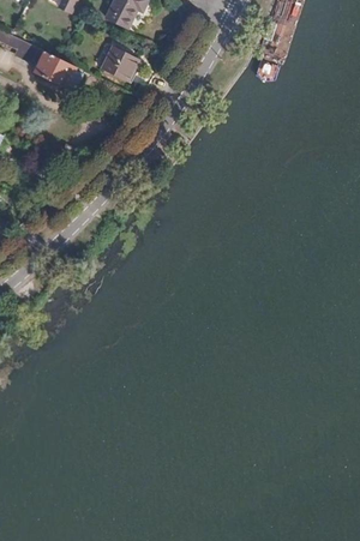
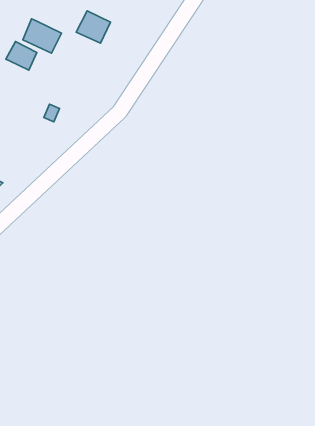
building: none -> [6,42,37,70]

